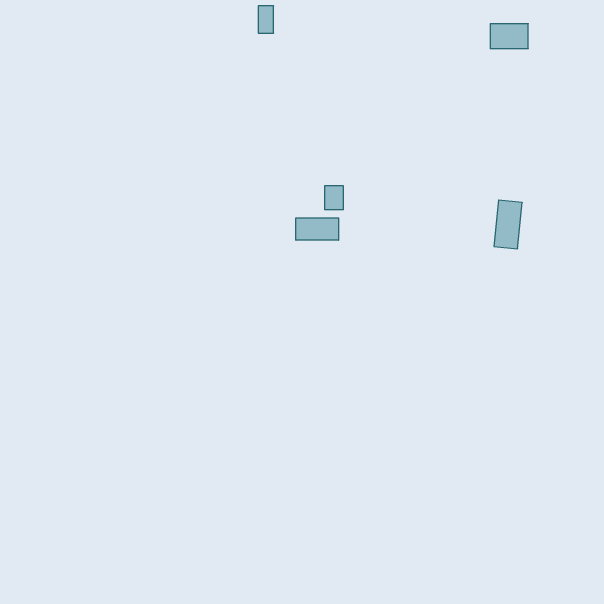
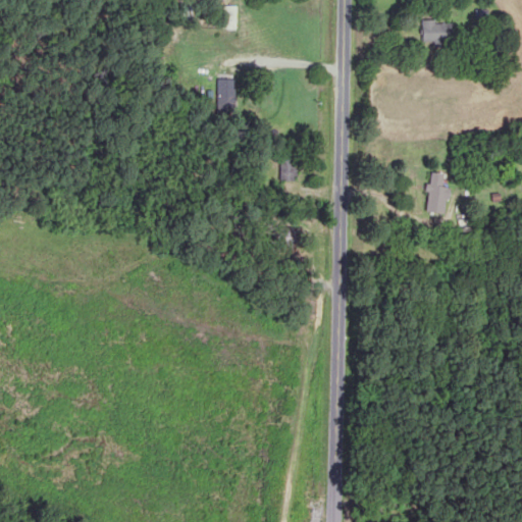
building: none -> [217,79,234,115]
building: [296,218,339,240] -> none

